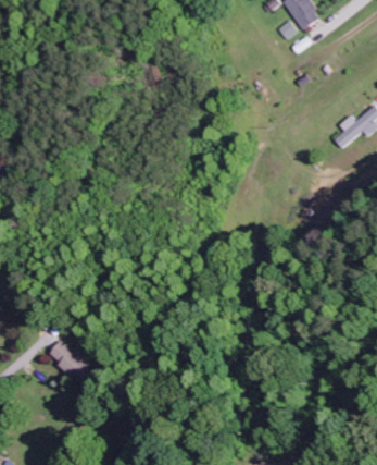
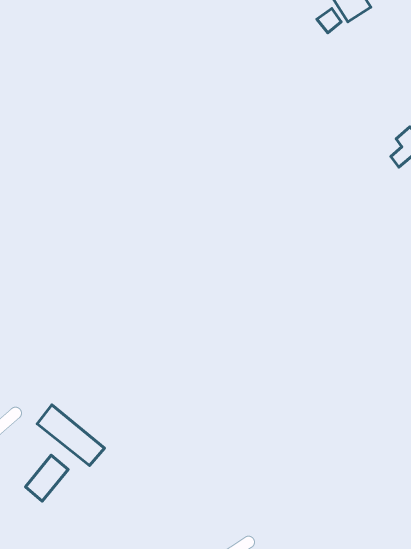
building: none -> [25,455,68,501]

